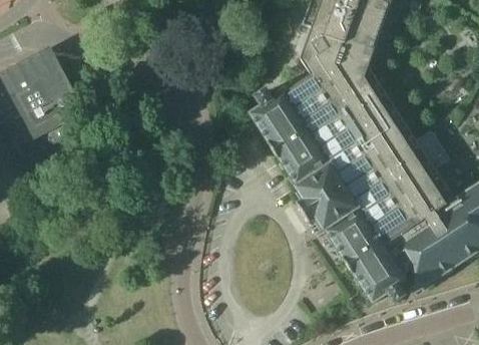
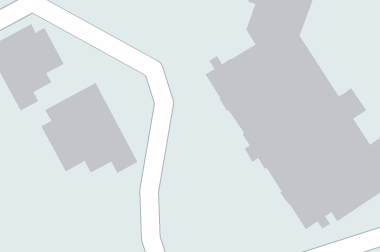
building: none -> [41,82,138,174]

